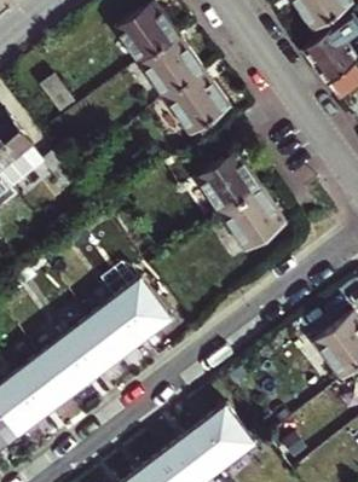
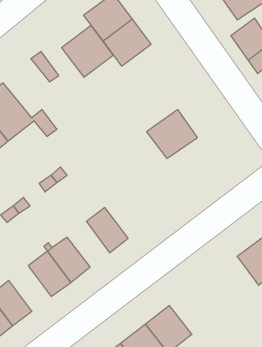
building: [162,64,230,132] -> [62,25,113,77]
building: [221,186,287,250] -> none
building: [91,296,146,355] -> none
building: [15,354,70,413] -> none

